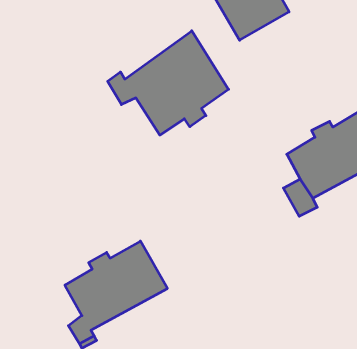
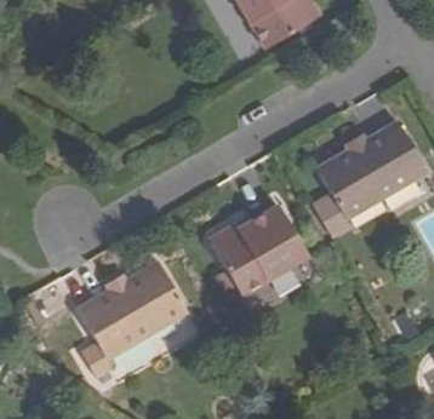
building: [108,31,229,135] -> none
building: none -> [209,206,308,293]

